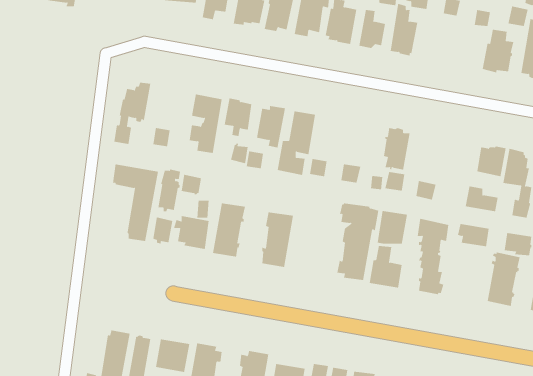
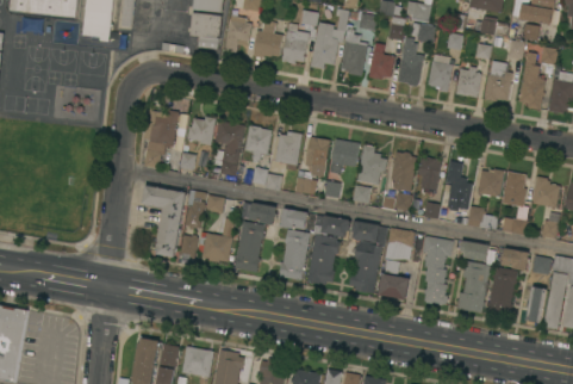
building: none -> [426,54,453,92]
building: none -> [454,66,481,98]
building: none -> [187,116,216,144]
building: none -> [330,138,360,169]
building: none -> [357,144,387,184]
building: none -> [418,156,442,190]
building: none -> [446,161,473,209]
building: none -> [242,203,276,224]
building: none -> [280,208,350,284]
building: none -> [456,261,490,312]

